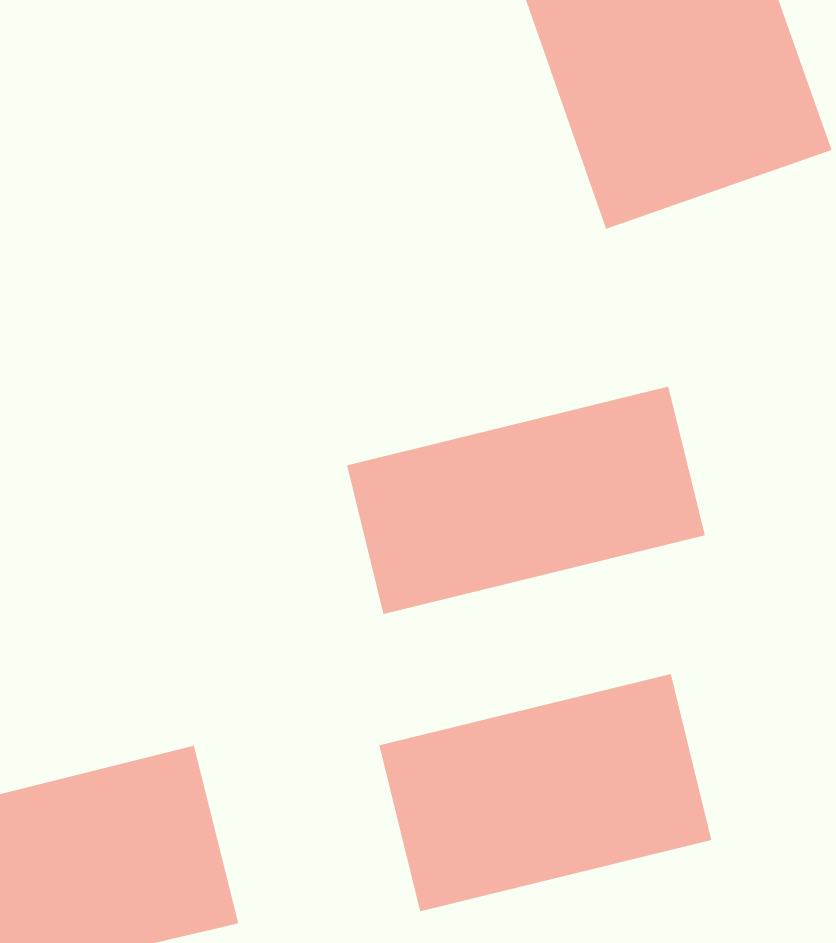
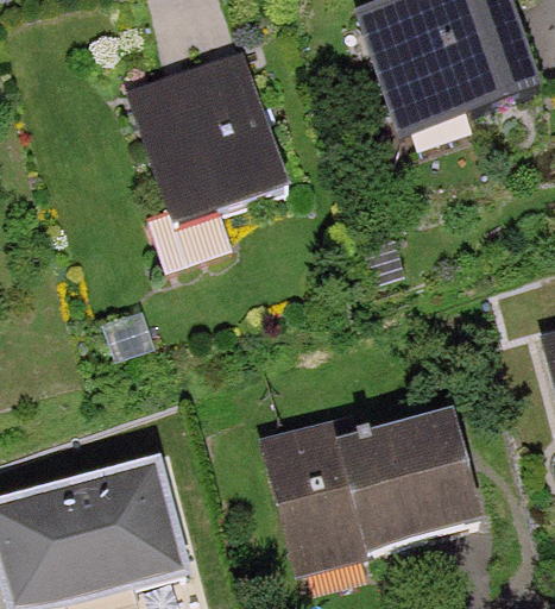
building: none -> [128,49,285,224]
building: [346,386,706,615] -> none

